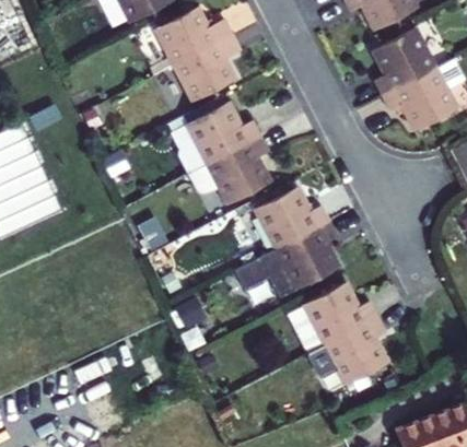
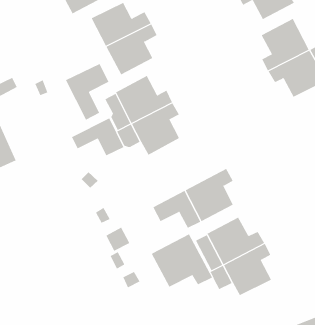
building: none -> [65,63,109,121]
building: none -> [71,118,124,156]
building: [256,187,330,249] -> none
building: none -> [151,233,213,288]

